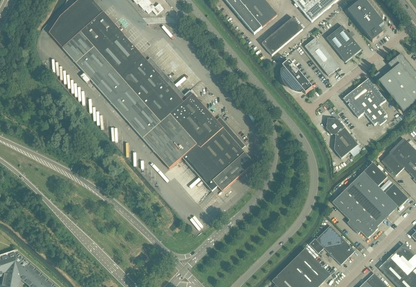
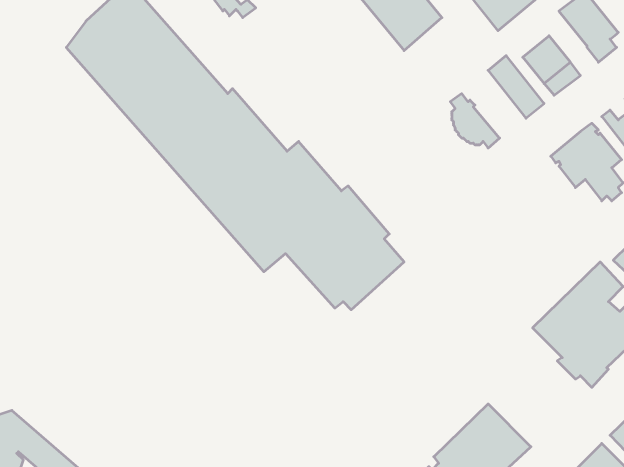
building: [261,17,302,55] -> none
building: [325,117,357,158] -> none
building: [308,225,354,264] -> none

